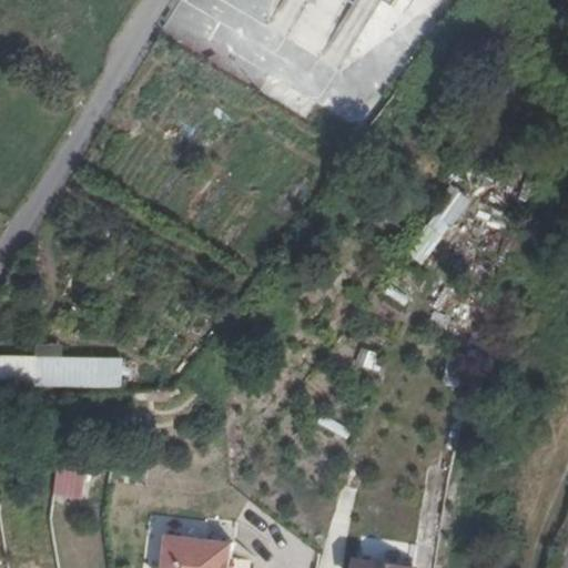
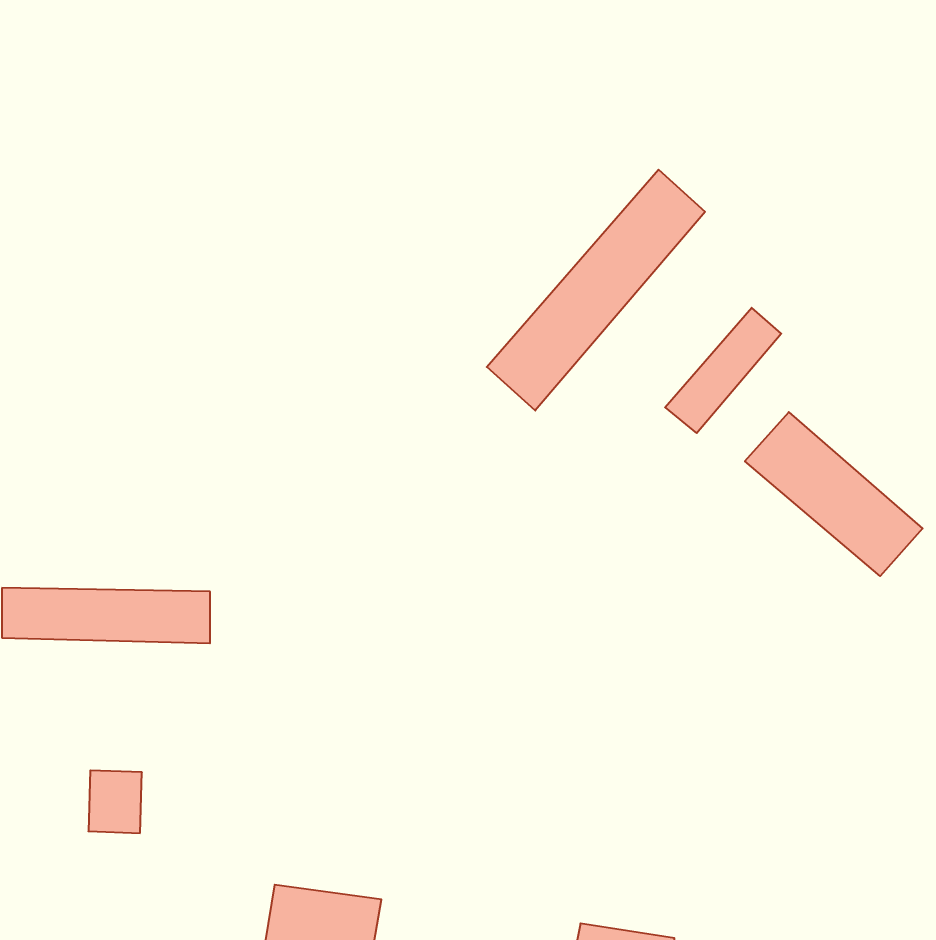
building: none -> [487,170,705,411]
building: none -> [745,412,923,576]

